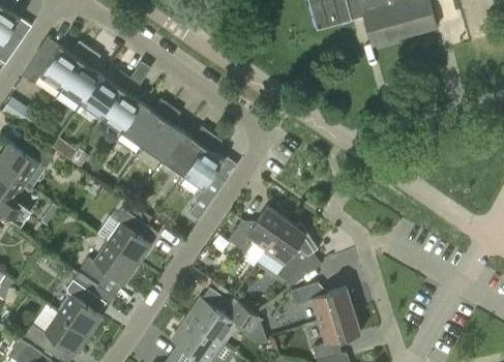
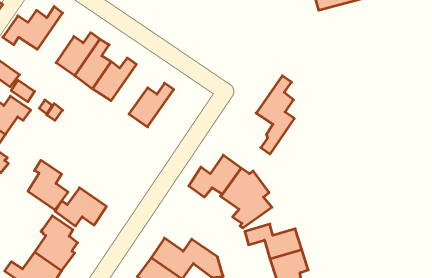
building: [60,49,100,103] -> none
building: [142,105,182,160] -> none
building: [182,133,225,220] -> [256,76,294,154]
building: [107,208,151,263] -> [28,160,68,210]

